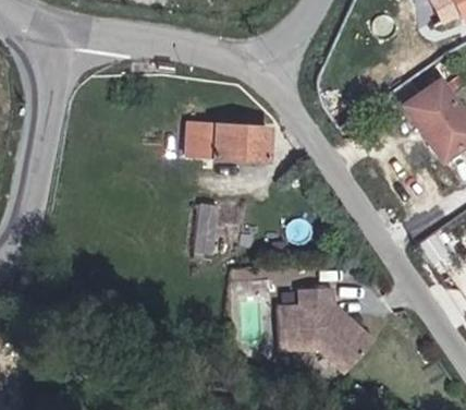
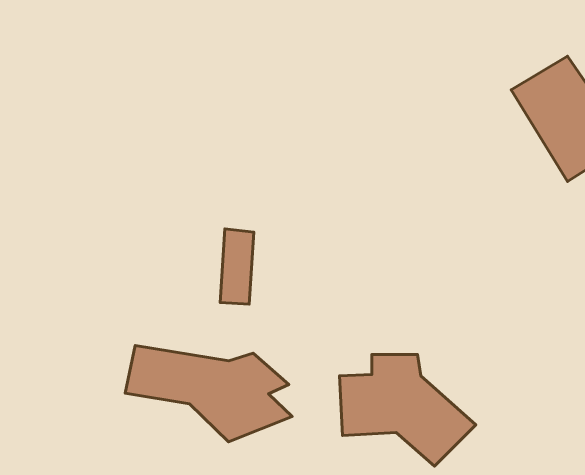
building: [186,119,274,164] -> none
building: none -> [125,346,292,442]

